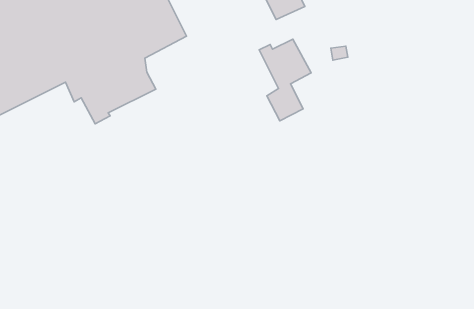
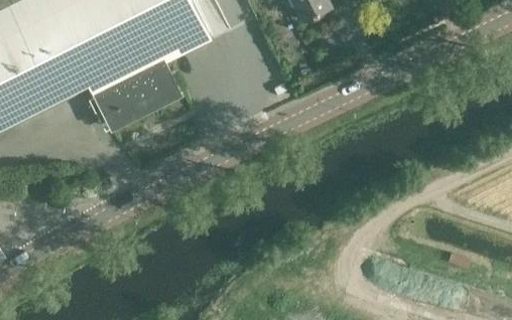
building: [259,39,311,121] -> none

